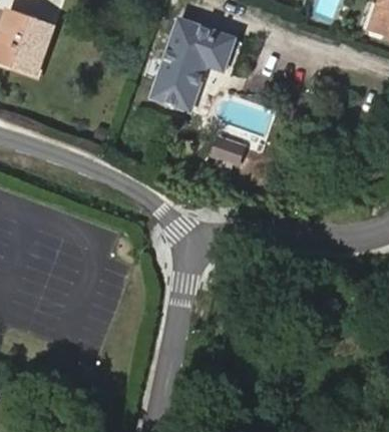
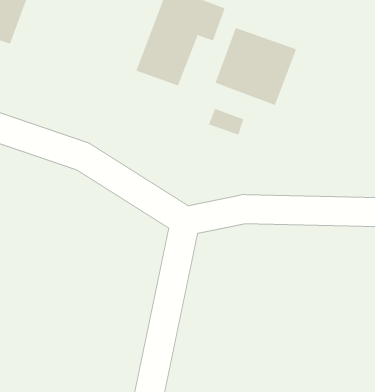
building: none -> [215,27,297,106]

